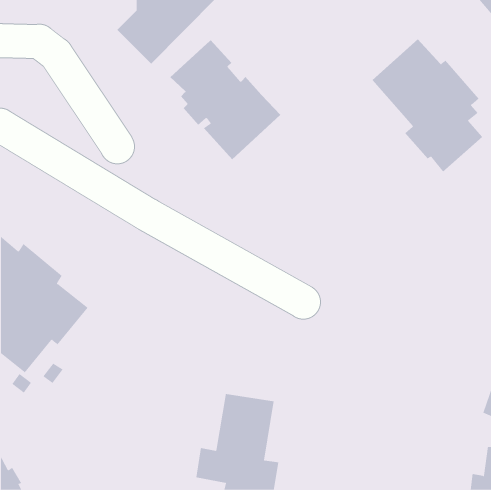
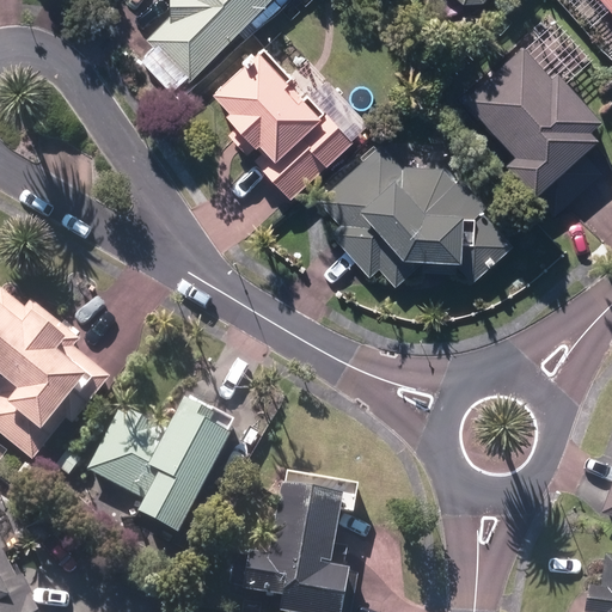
building: none -> [322,146,514,281]
building: none -> [87,398,232,538]

